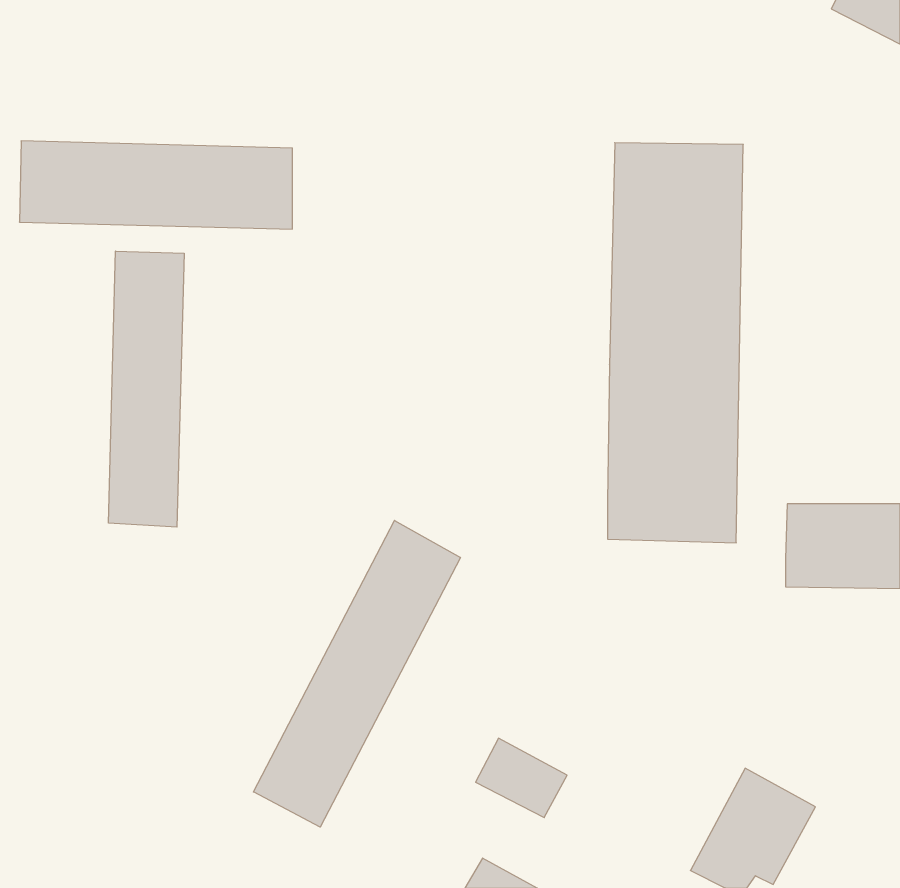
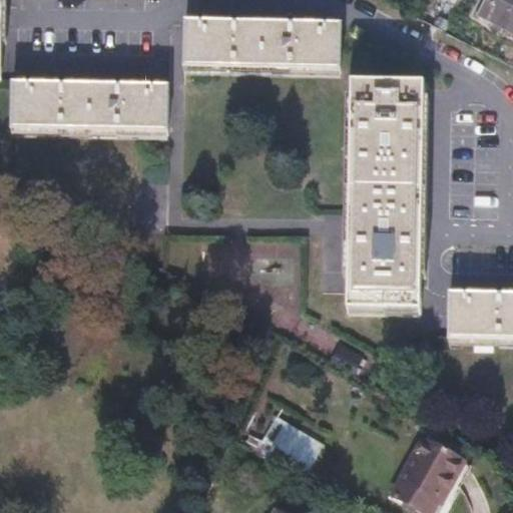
building: none -> [182,18,339,68]
building: [109,251,184,527] -> none
building: [253,520,460,827] -> none

